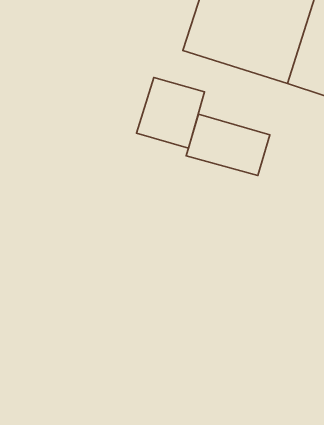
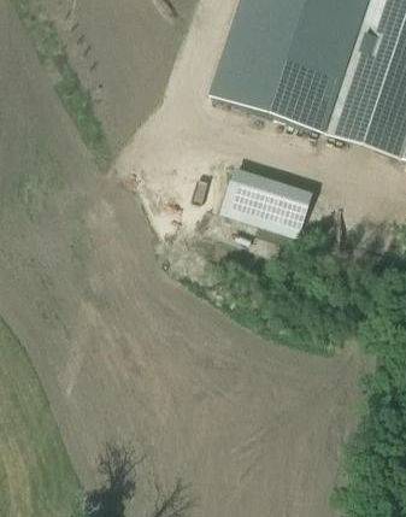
building: [136,78,205,148] -> none

